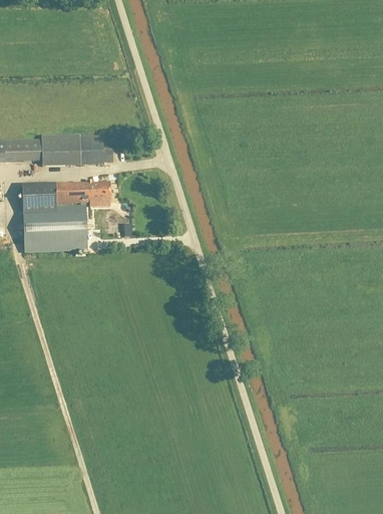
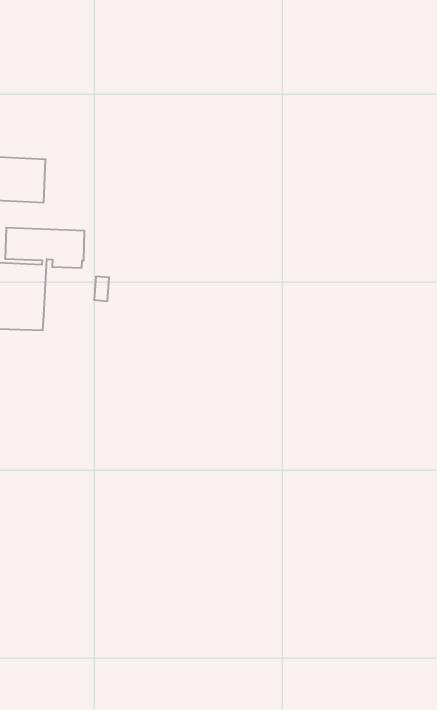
building: [79,135,103,164] -> none

